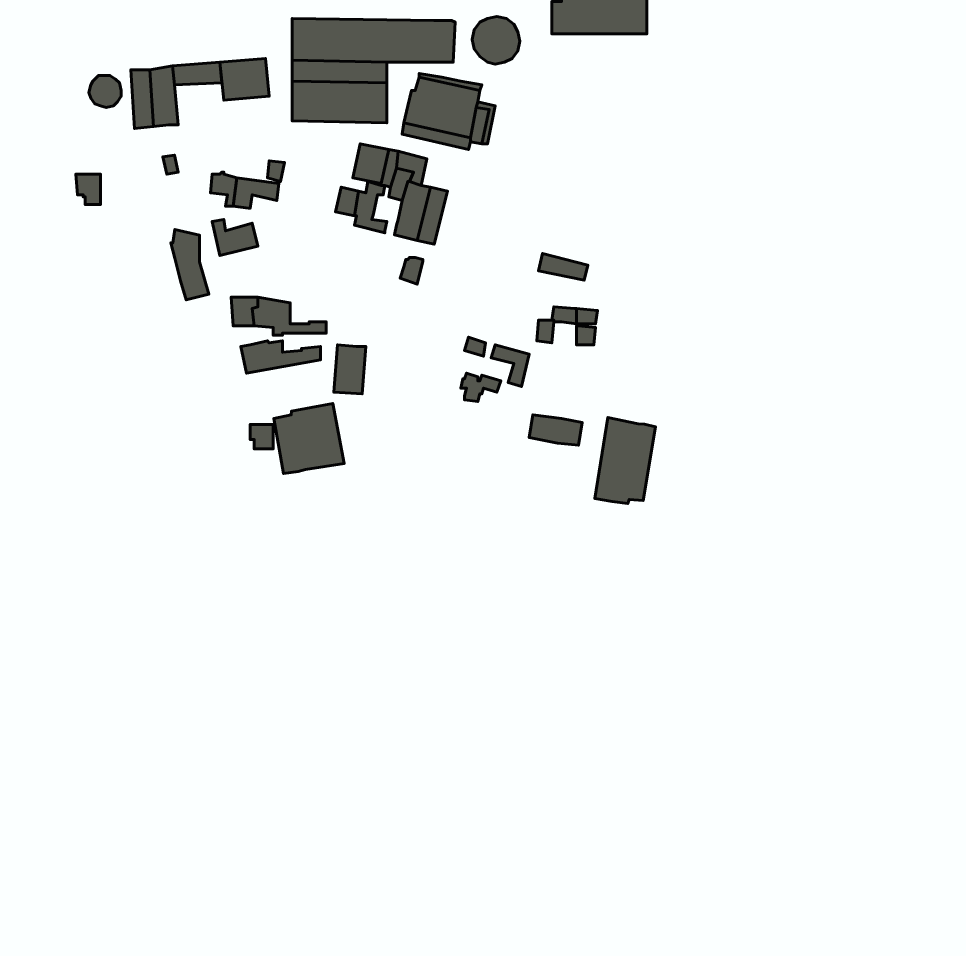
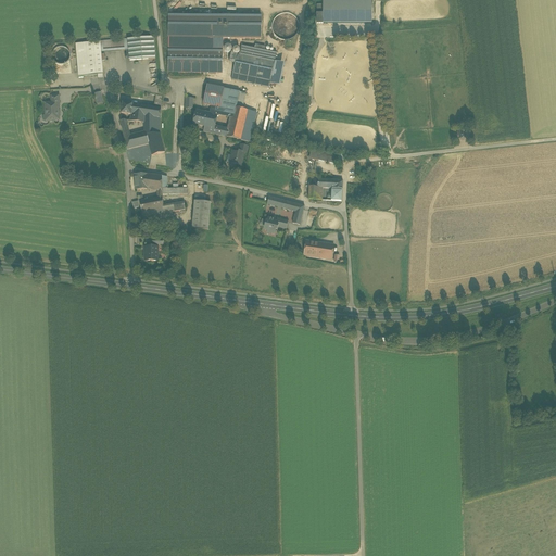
building: [171,230,209,300] -> [142,114,164,154]
building: [274,404,344,474] -> none
building: [595,417,656,504] -> none

